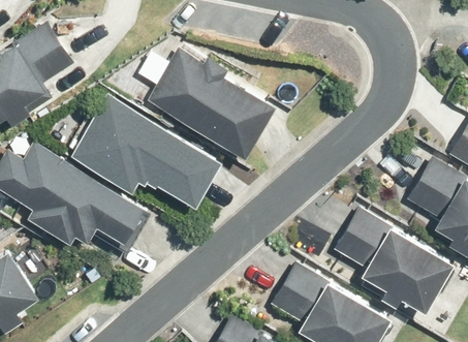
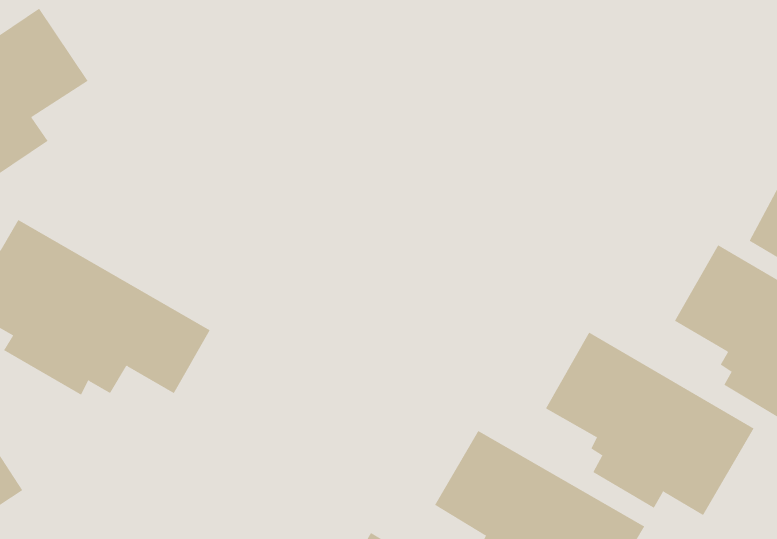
building: [147,49,275,157] -> none
building: [70,94,221,206] -> none

